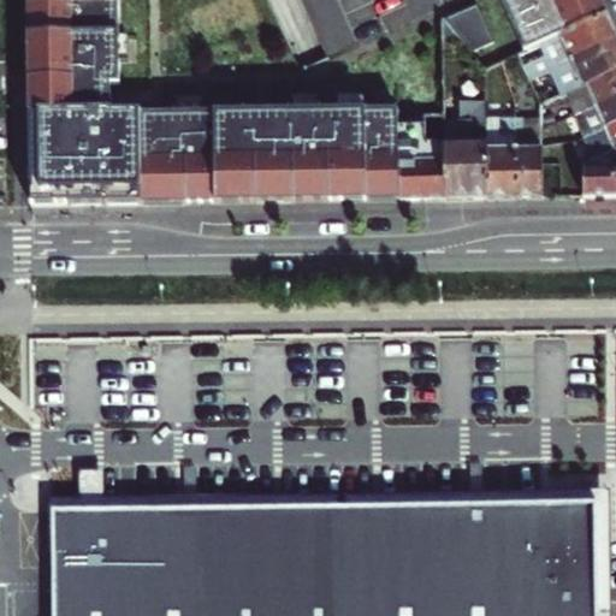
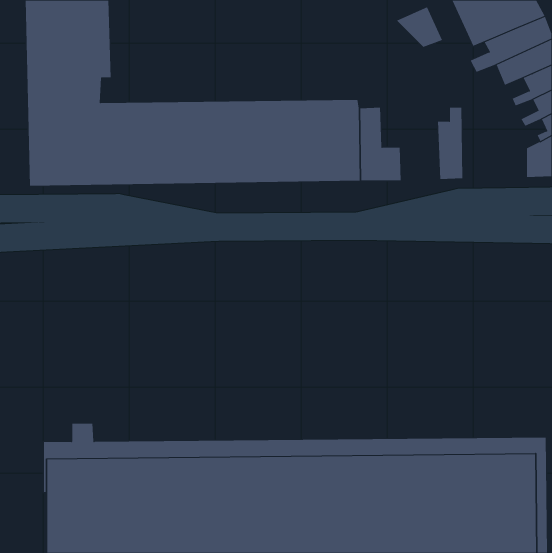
building: [444,105,488,201] -> none
building: [514,112,543,199] -> none

